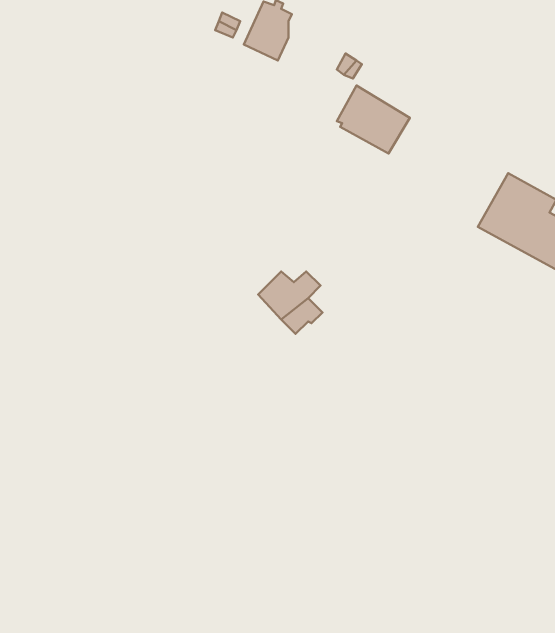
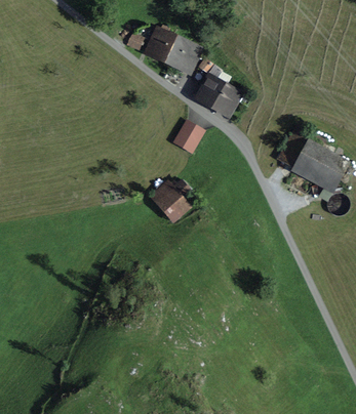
building: none -> [164,36,202,75]
building: none -> [175,123,202,152]

